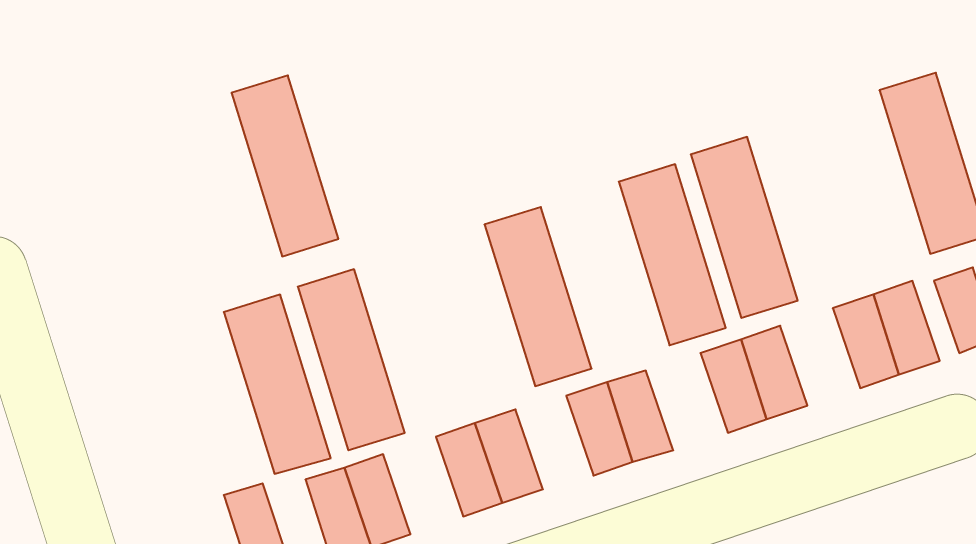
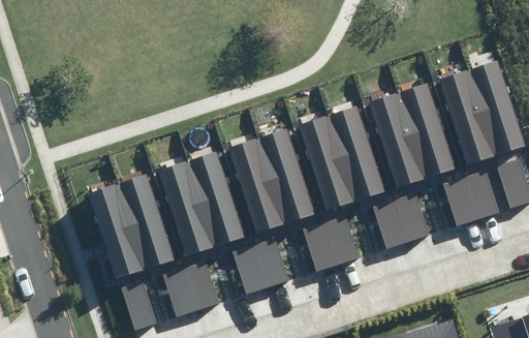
building: [231,75,338,256] -> [189,153,246,249]
building: none -> [438,67,495,163]
building: none -> [398,83,455,179]
building: none -> [300,116,356,211]
building: none -> [228,139,285,234]
building: none -> [90,185,147,280]

